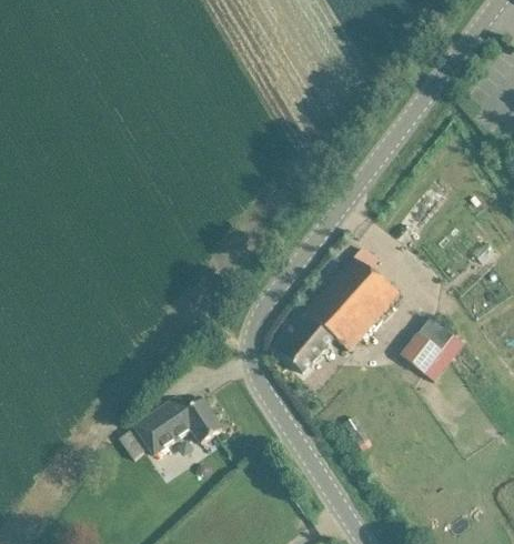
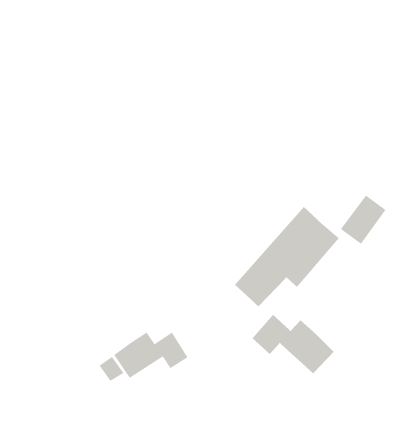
building: [404,316,457,374] -> [340,194,386,245]
building: none -> [251,314,334,374]

